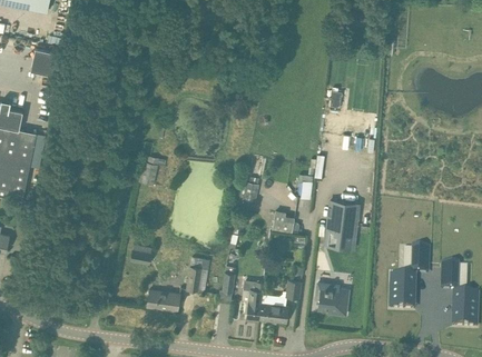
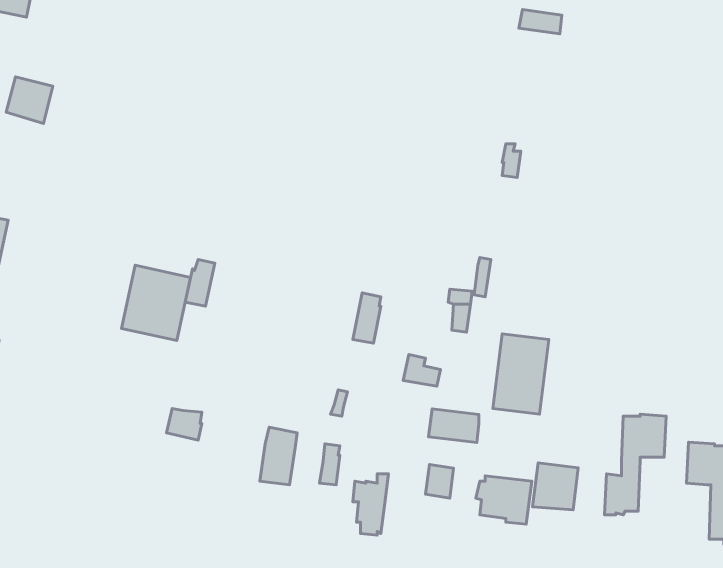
building: none -> [121,265,191,341]
building: none -> [533,463,578,510]
building: [147,289,180,311] -> none
building: [258,304,288,324] -> [429,409,479,442]

